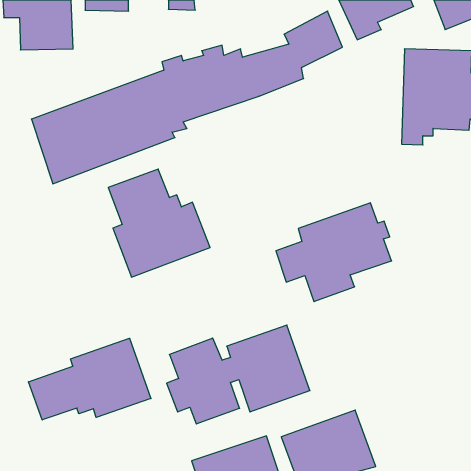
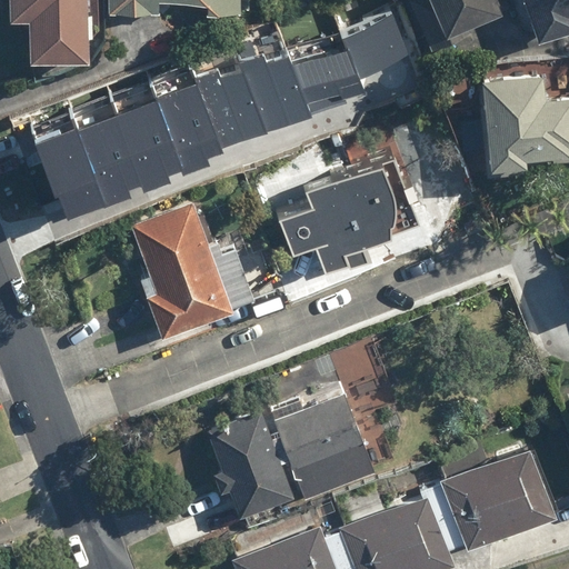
building: [276,203,392,302] -> [276,152,415,271]
building: [28,338,151,420] -> none
building: none -> [439,446,552,547]

